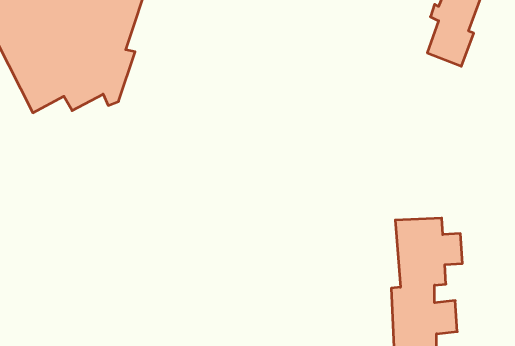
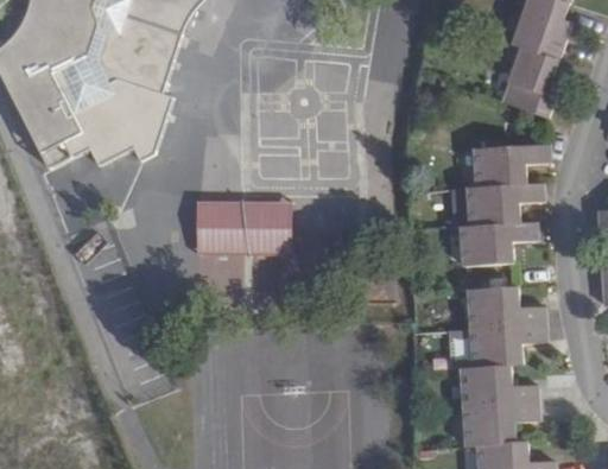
building: none -> [458,144,545,262]
building: none -> [195,204,287,254]

